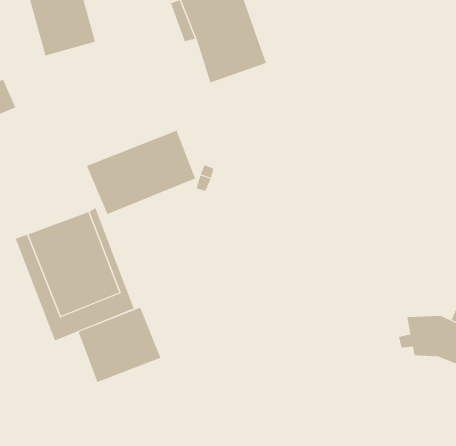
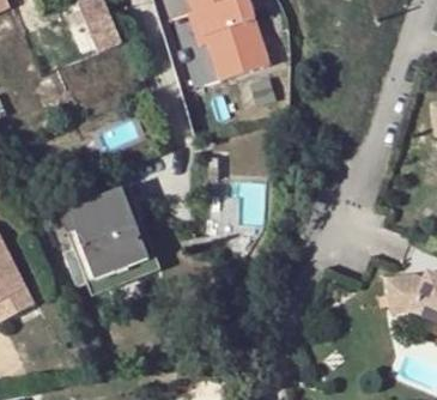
building: [86,130,196,215] -> none
building: [78,307,161,383] -> none

